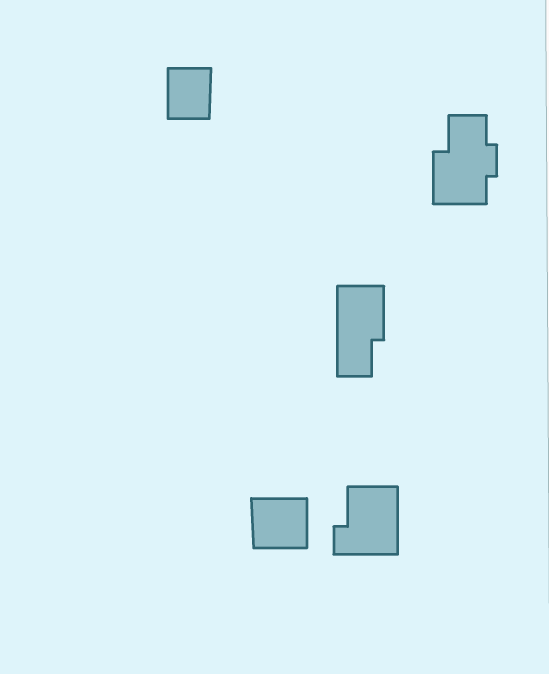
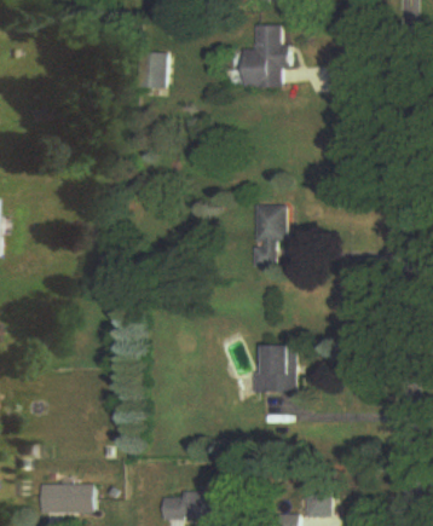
building: [433,116,497,204] -> [246,24,290,86]
building: [251,498,307,548] -> none

